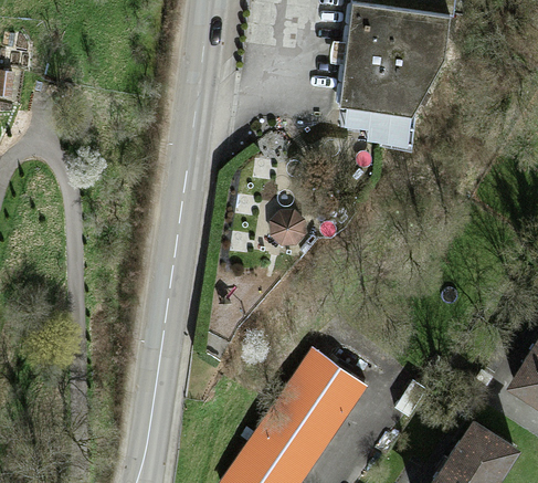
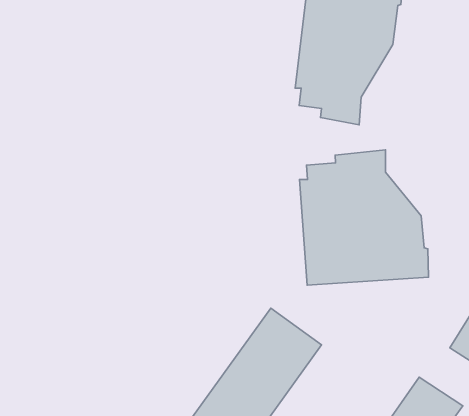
building: none -> [299,150,429,285]
building: [268,209,305,245] -> none

